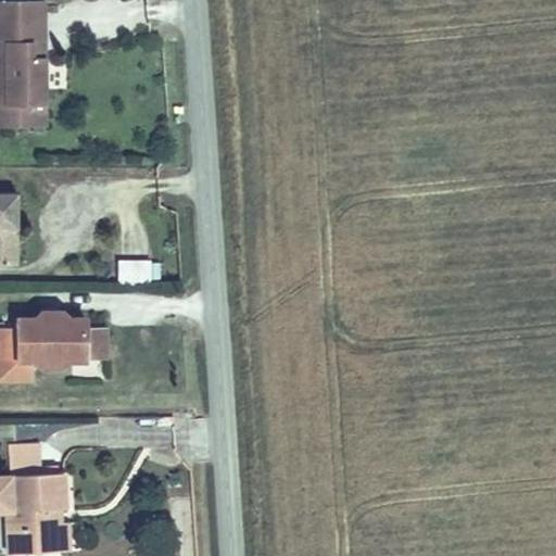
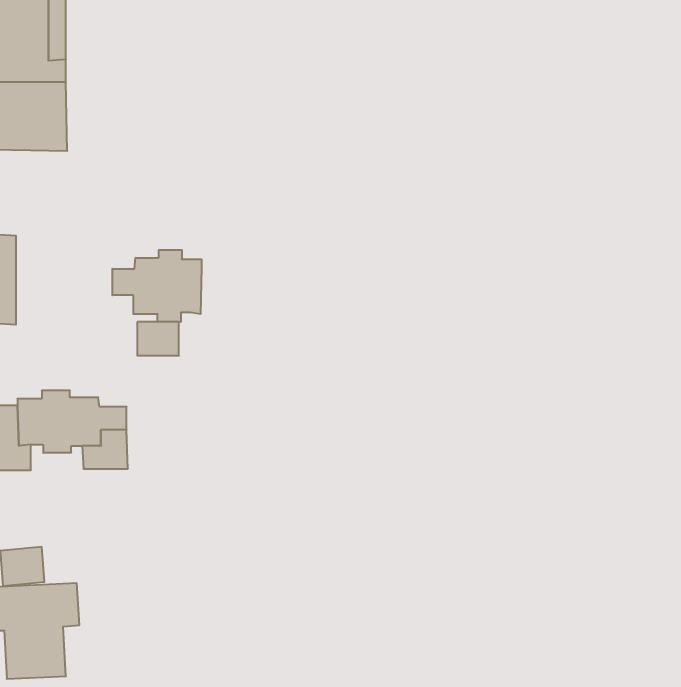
building: none -> [112,250,202,322]

